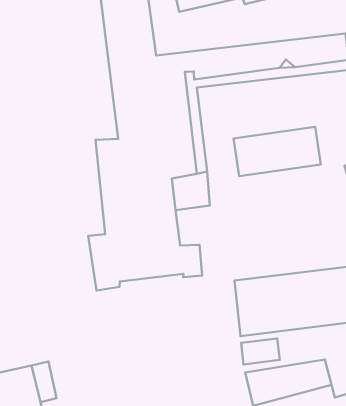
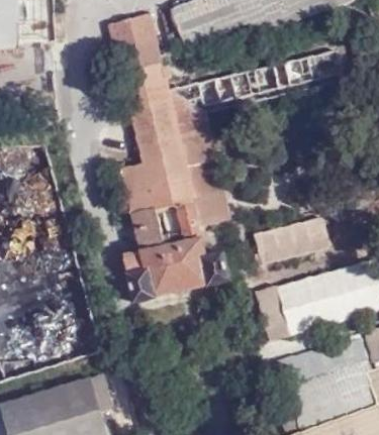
building: [234,127,321,176] -> [254,211,335,261]

